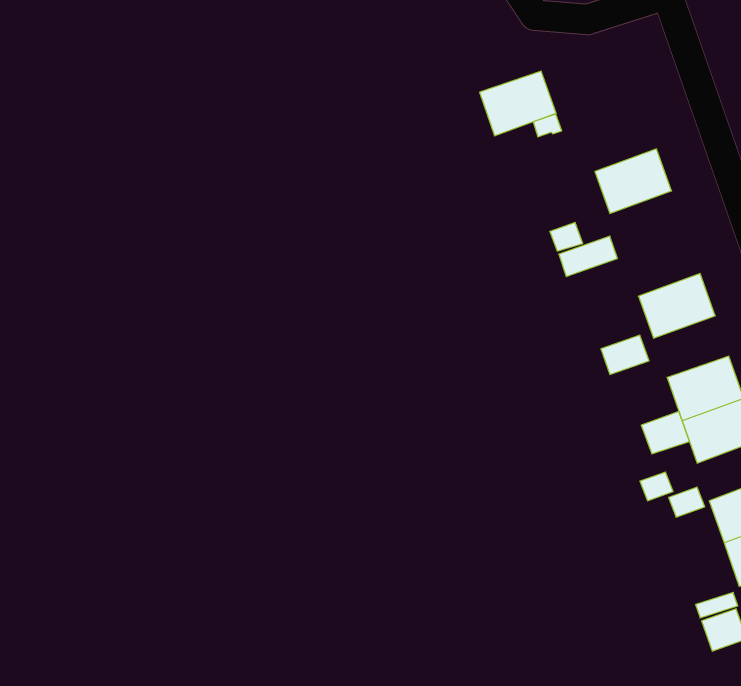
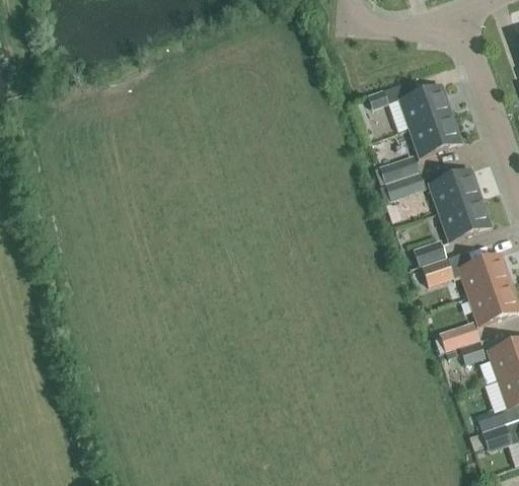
building: [480,71,556,136] -> [399,83,451,127]
building: none -> [429,167,480,211]
building: [641,412,689,454] -> [421,256,453,284]

